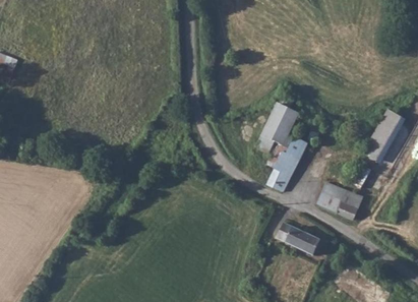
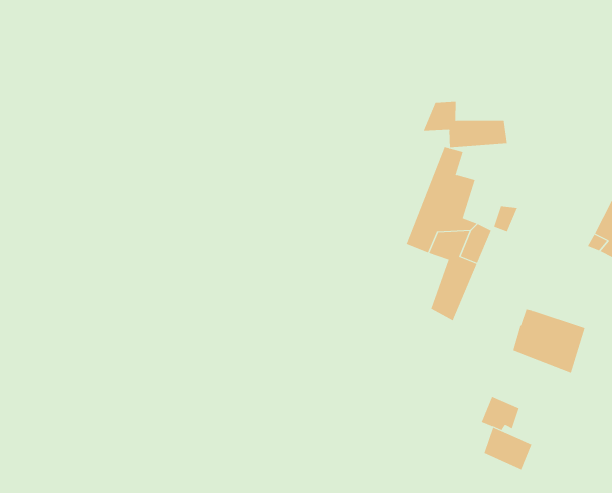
building: none -> [423,101,507,148]
building: [280,225,308,250] -> [484,427,532,471]

